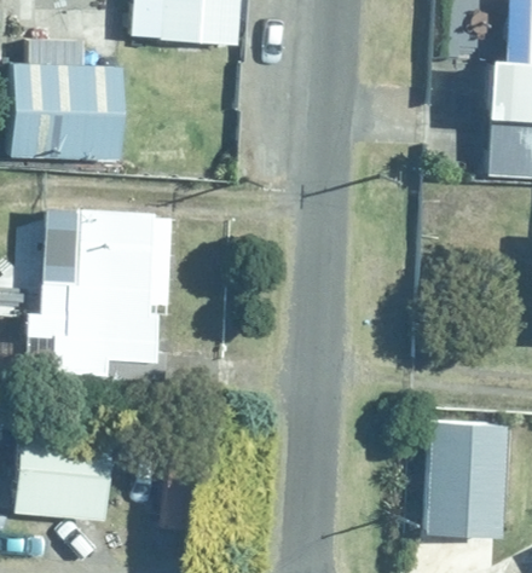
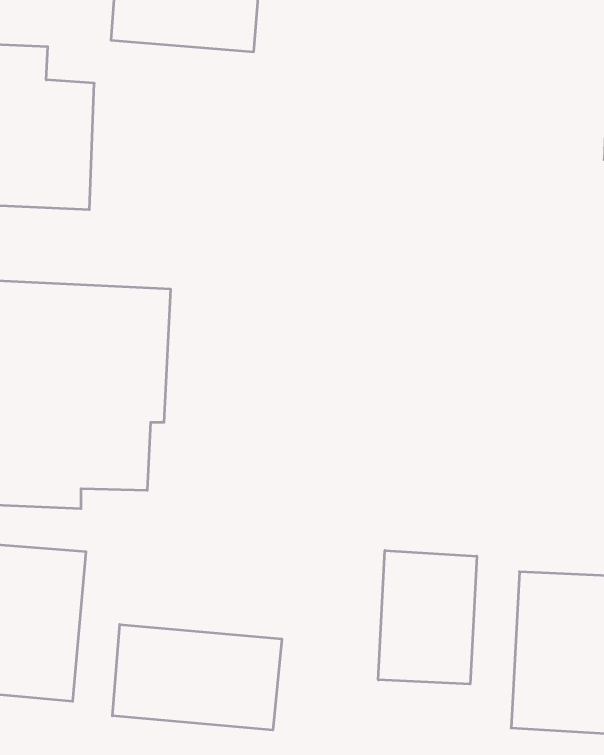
building: none -> [378,550,477,684]
building: none -> [112,624,282,730]

